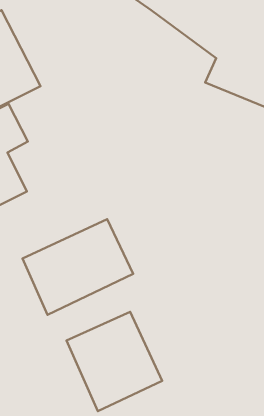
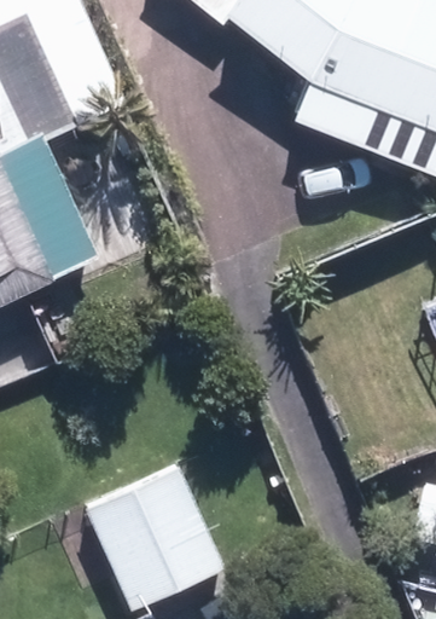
building: [22,219,133,315] -> none

